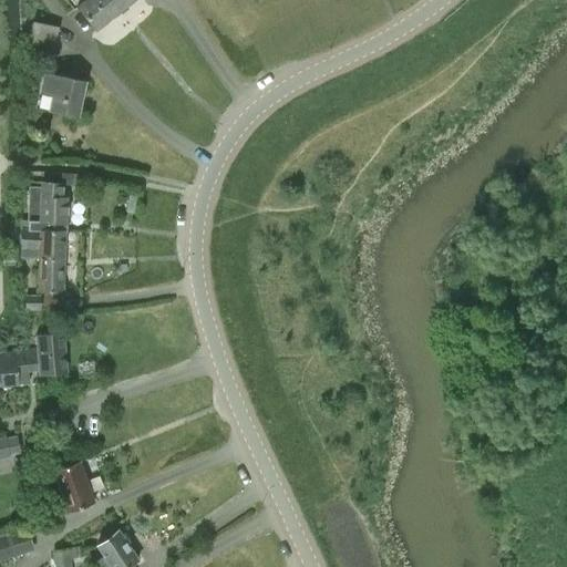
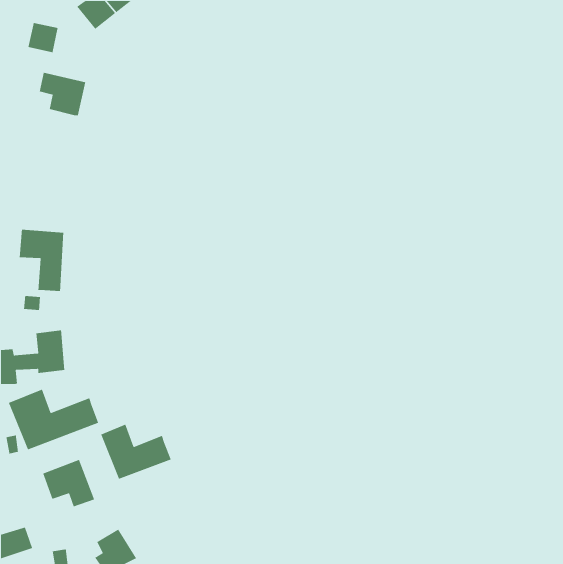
building: [23,184,69,234] -> none
building: none -> [8,389,99,450]
building: none -> [100,424,172,480]

